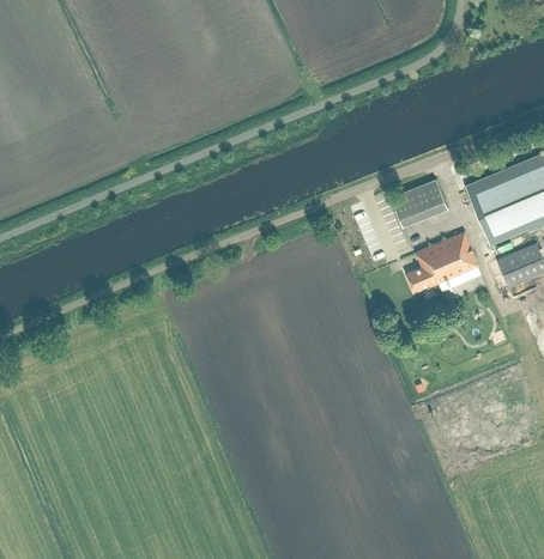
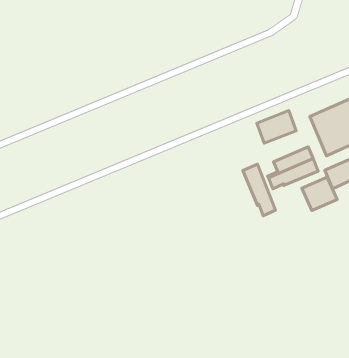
building: none -> [243,164,275,216]
building: none -> [302,177,337,211]

